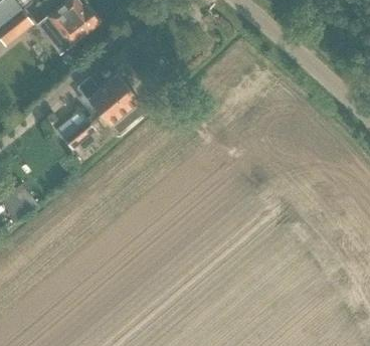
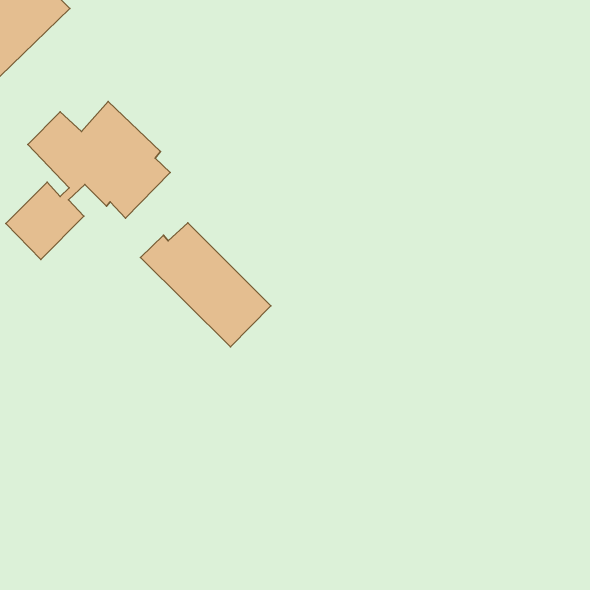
building: none -> [141,223,271,347]

